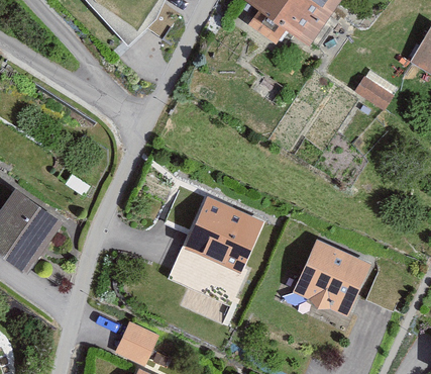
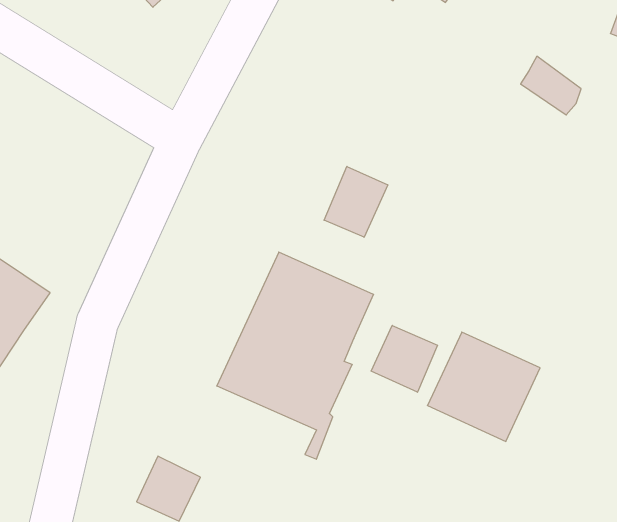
building: none -> [324,166,388,237]
building: none -> [371,325,437,392]

